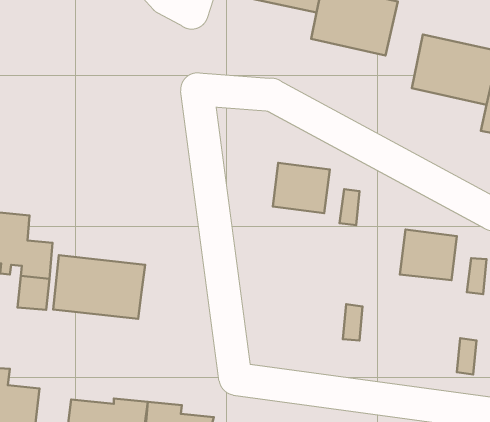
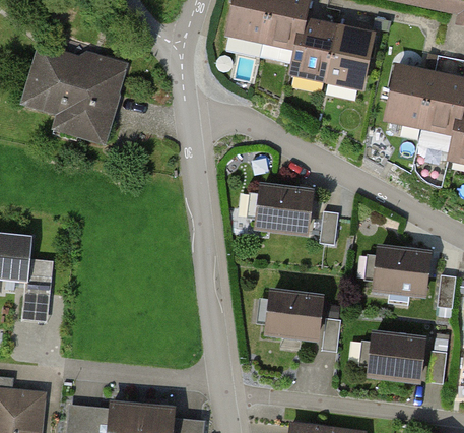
building: none -> [24,48,122,138]
building: [53,255,145,319] -> none
building: none -> [267,292,320,337]
building: none -> [369,333,422,380]

